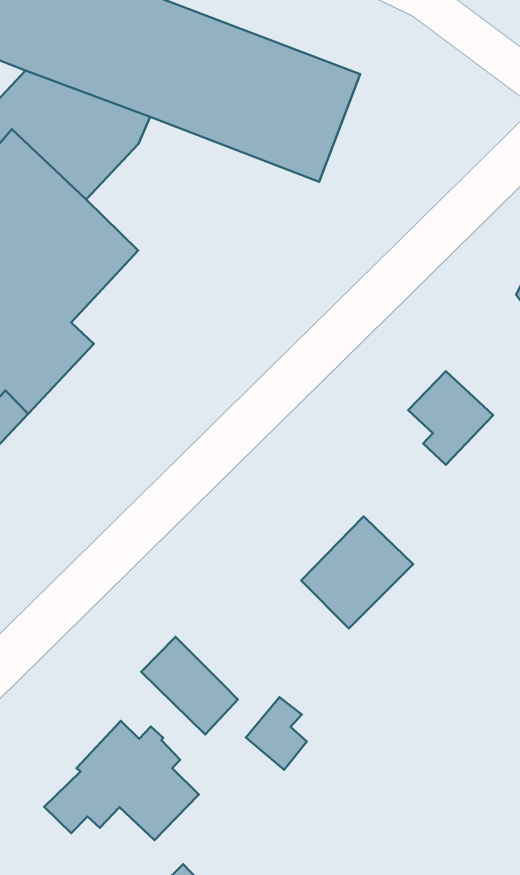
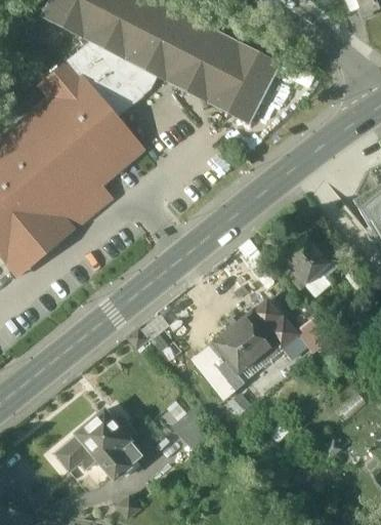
building: none -> [252,300,296,347]
building: [141,637,238,734] -> [190,344,243,400]

